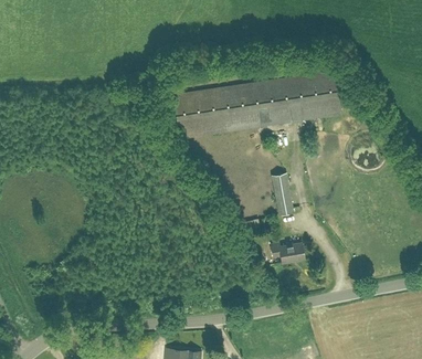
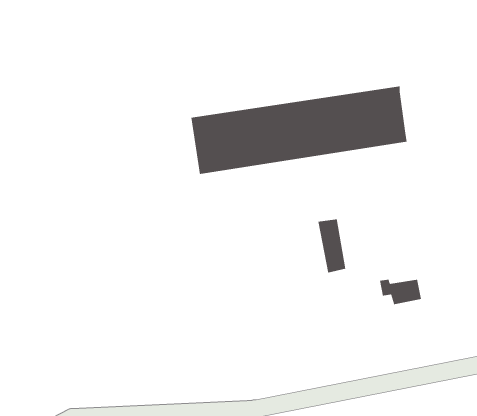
building: [271,242,304,262] -> [379,279,422,305]

